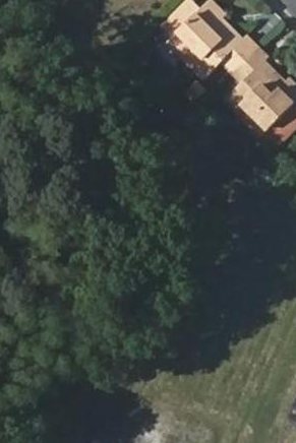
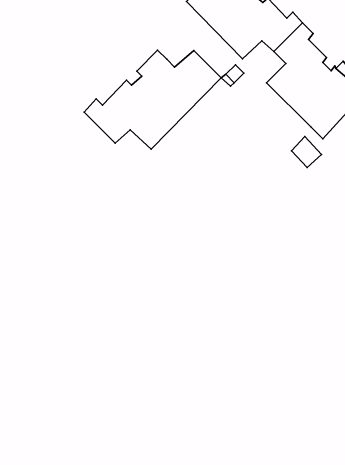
building: none -> [84,50,221,149]

